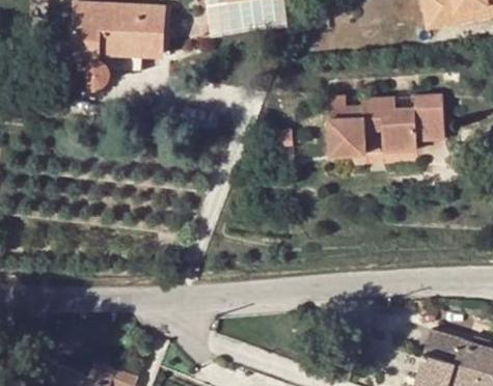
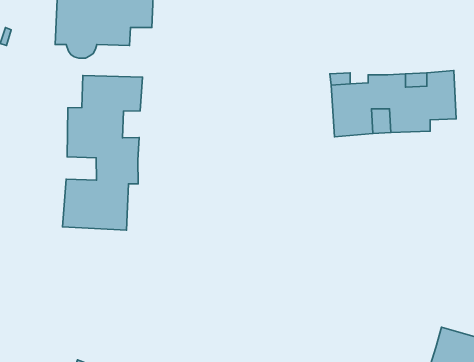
building: none -> [63,75,142,230]

